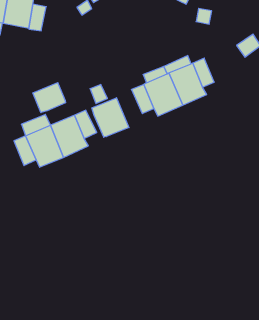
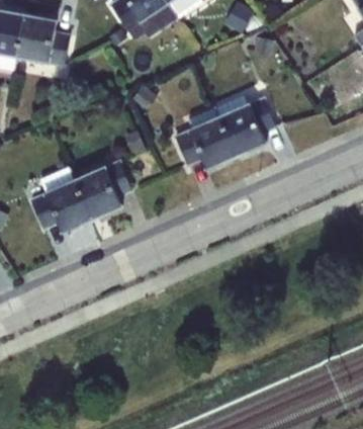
building: [33,83,66,113] -> none
building: [92,98,129,137] -> none

